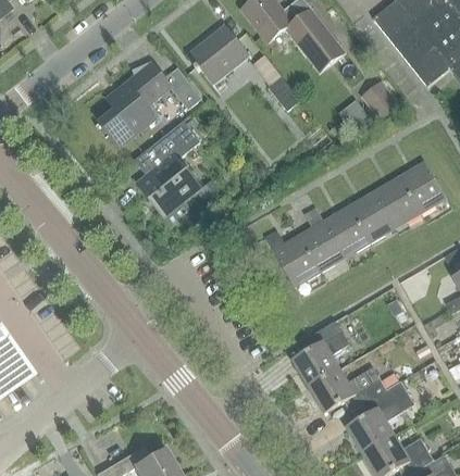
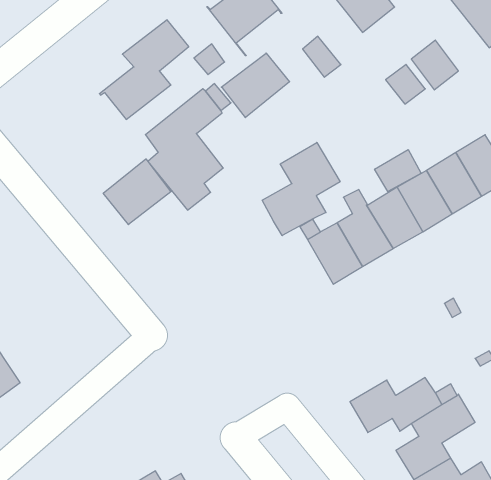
building: none -> [221,53,290,118]
building: none -> [262,142,340,236]
building: none -> [375,150,422,191]
building: none -> [103,159,171,225]
building: [294,321,349,387] -> none

